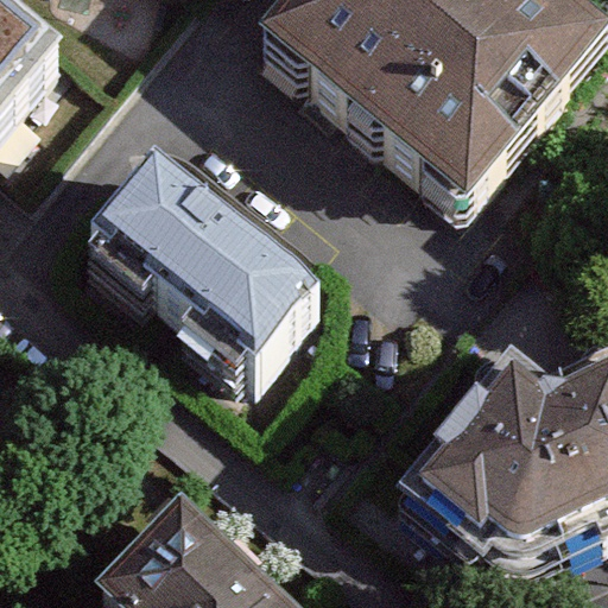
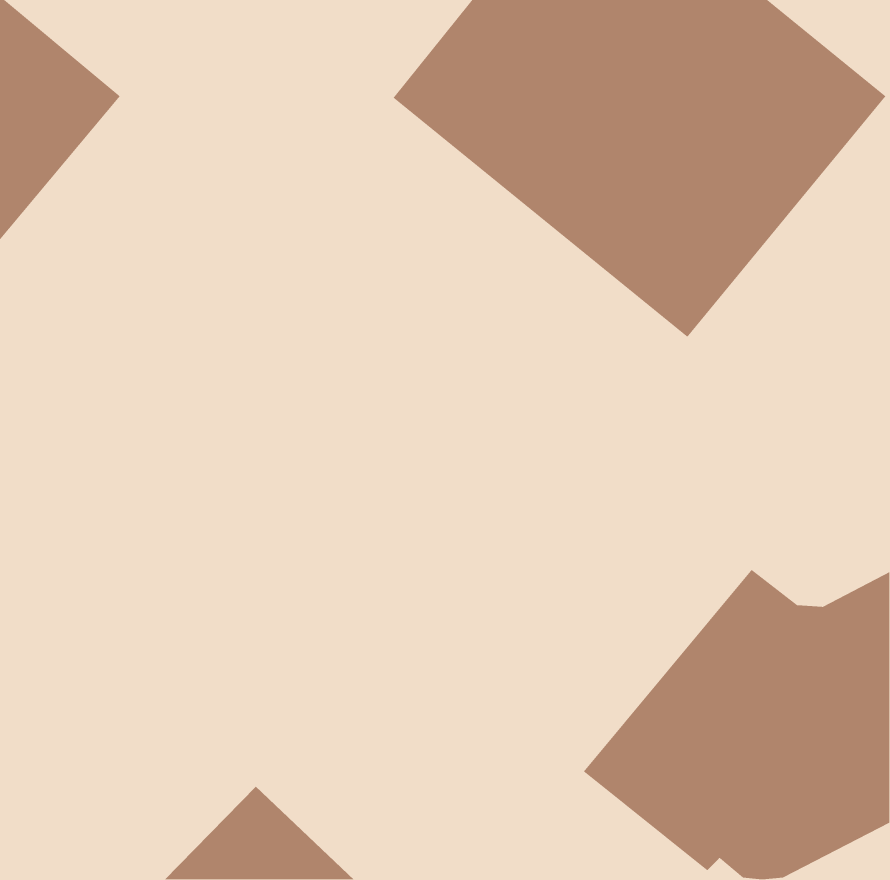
building: [81,179,310,392] -> none

